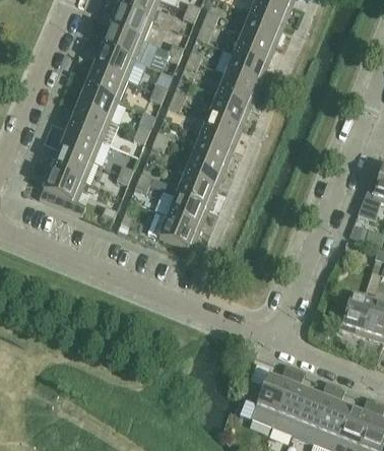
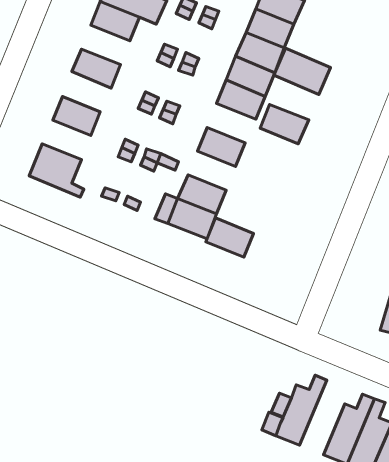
building: [84,66,126,100] -> none
building: none -> [274,48,330,94]
building: [68,106,110,140] -> none
building: [192,133,234,167] -> [260,105,309,144]
building: [51,147,92,181] -> none
building: [176,174,216,207] -> [206,218,253,257]
building: [271,370,310,434] -> none

